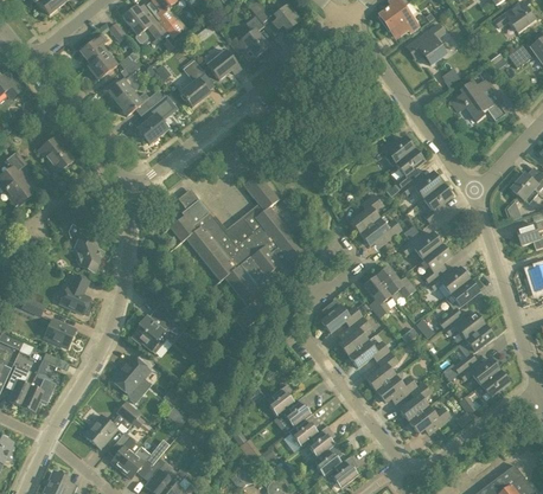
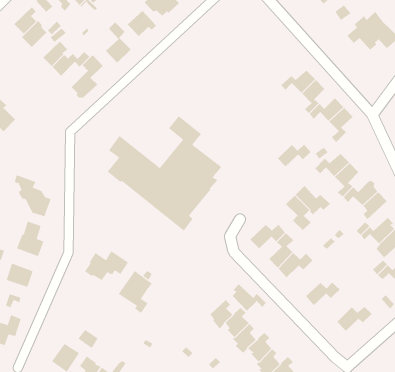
building: [350,192,381,231] -> none
building: [366,349,396,389] -> none
building: [110,353,151,403] -> [118,270,153,314]
building: none -> [232,284,266,311]
building: [400,380,429,421] -> none

